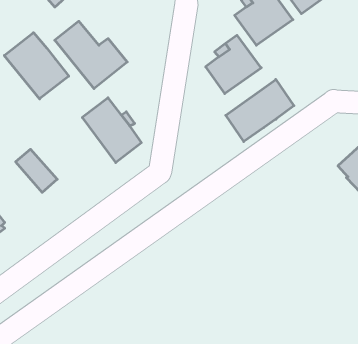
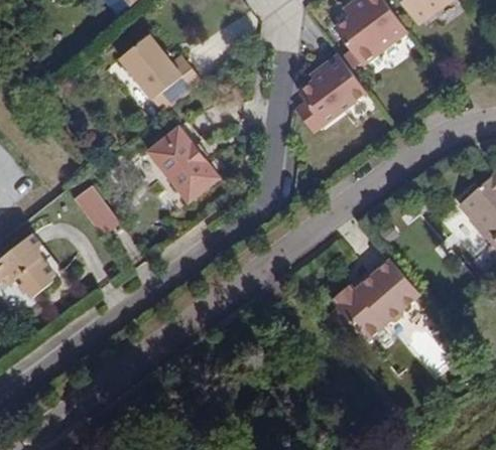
building: [4,33,69,99] -> none
building: [226,79,294,142] -> none
building: none -> [334,260,421,345]

